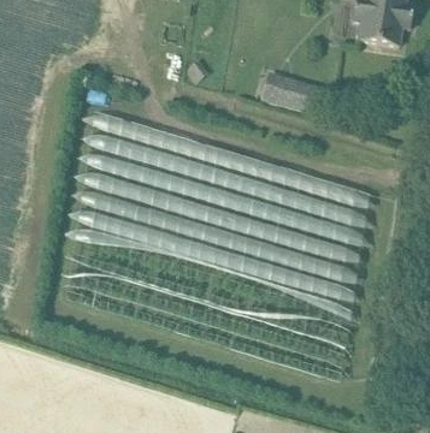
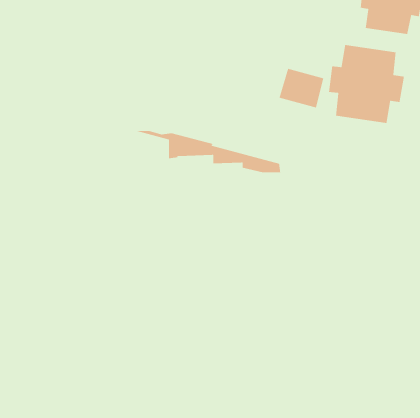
building: none -> [328,44,405,124]

